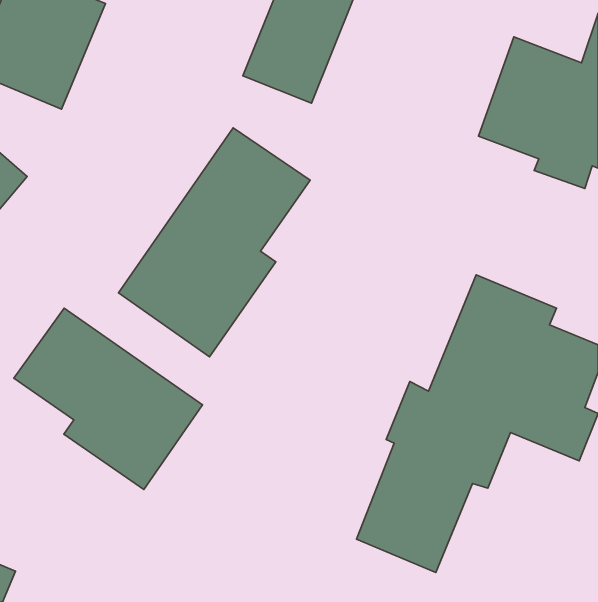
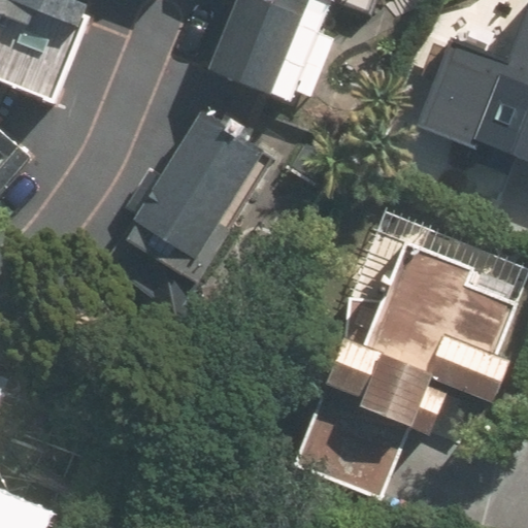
building: [14,308,203,490] -> none

